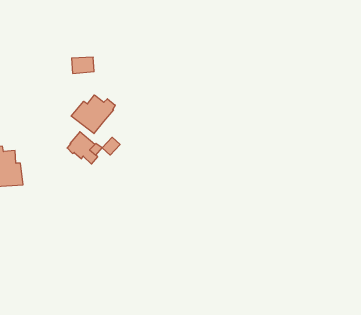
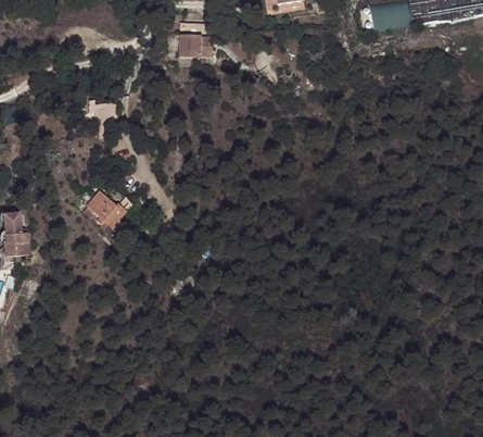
building: none -> [179,35,212,55]
building: [71,95,115,134] -> none

